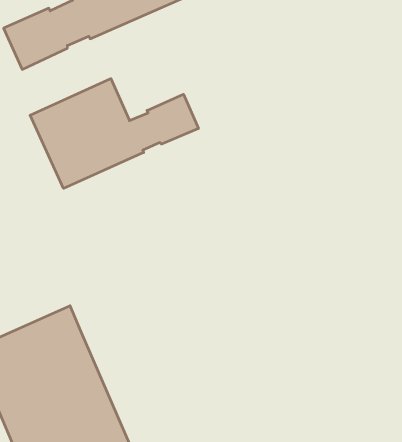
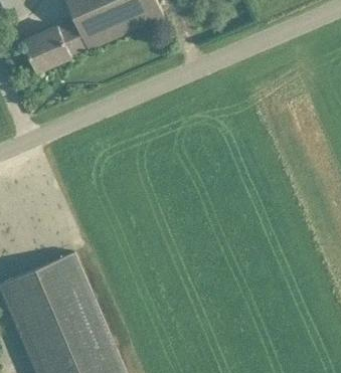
building: [30,79,198,188] -> none

